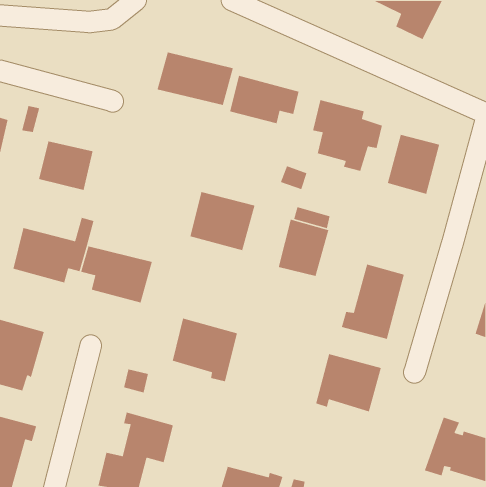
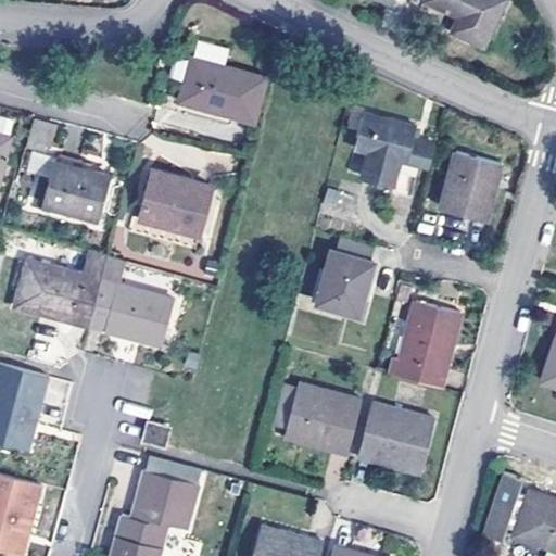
building: [229,75,299,124] -> none
building: [190,191,255,251] -> [140,168,215,237]
building: [172,317,238,382] -> [286,382,361,456]

